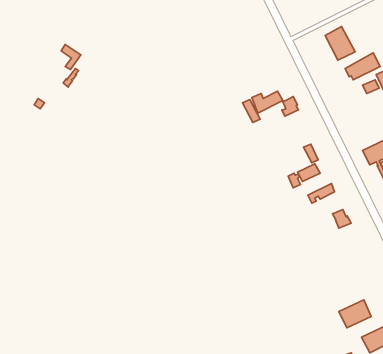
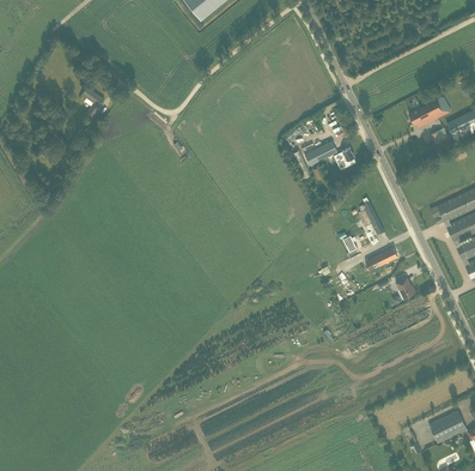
building: [325,26,355,60] -> none
building: [339,300,371,328] -> none

